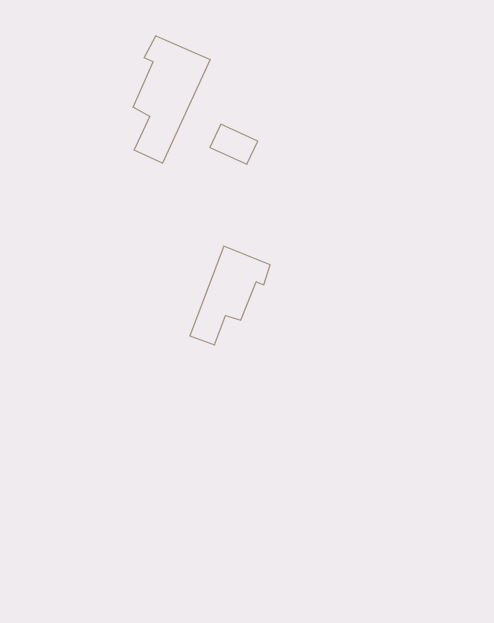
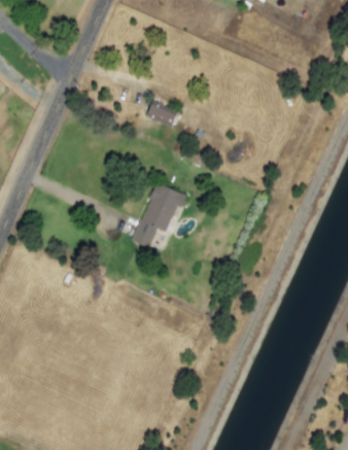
building: [133,36,210,163] -> none

